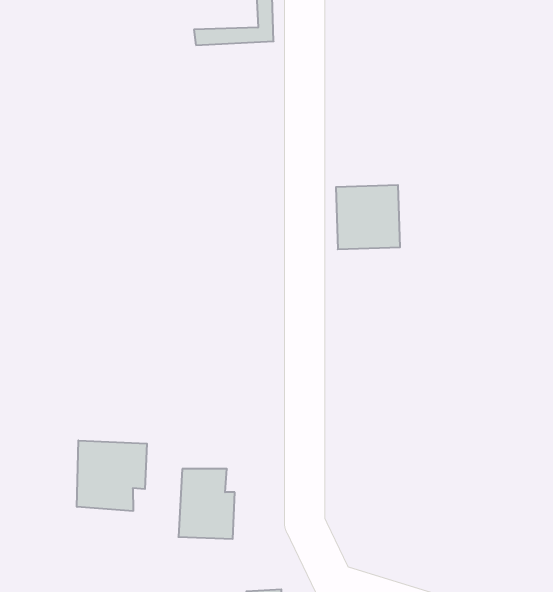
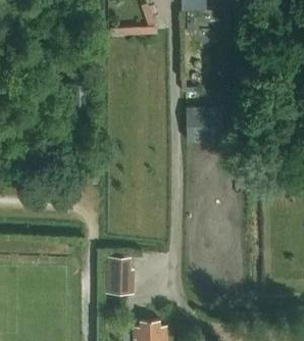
building: [77,440,147,511] -> none

